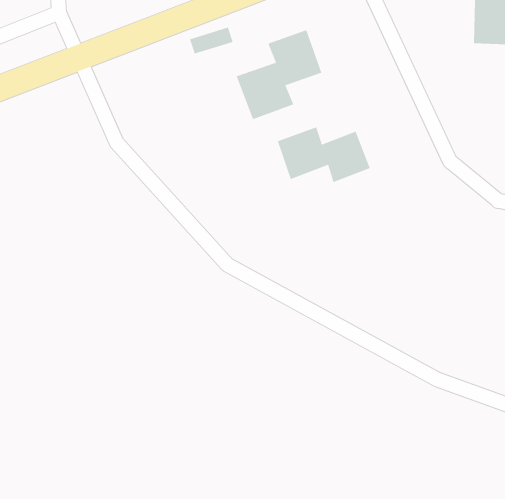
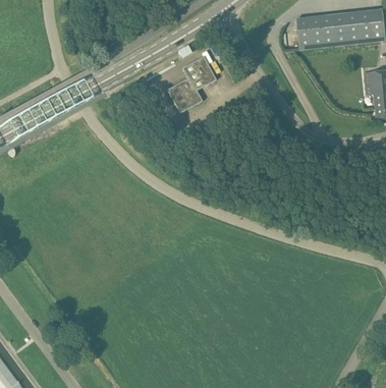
building: [277,126,370,183] -> none

